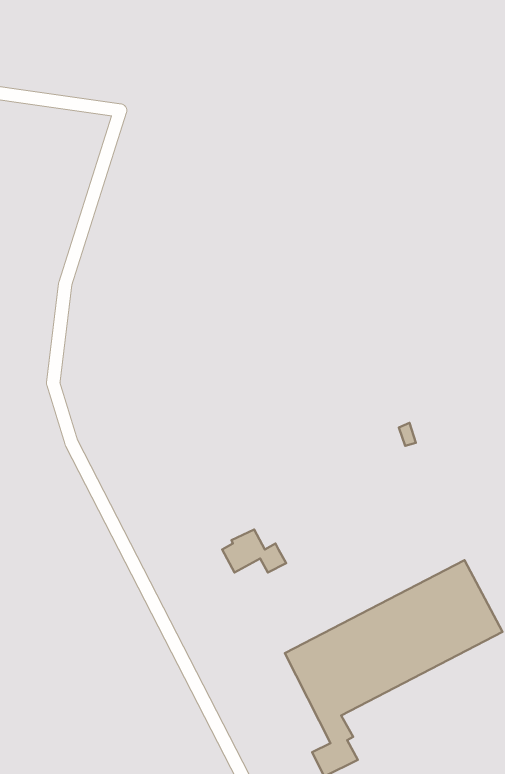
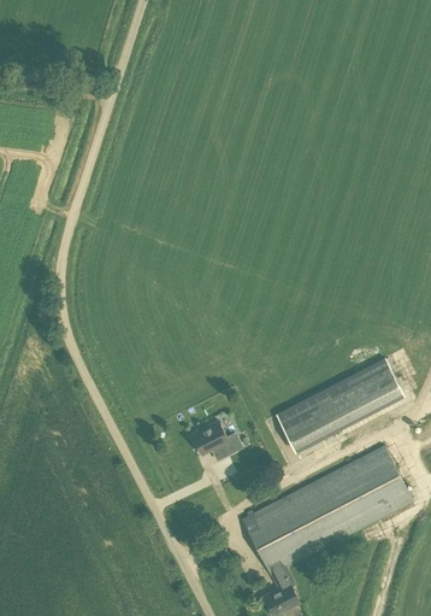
building: none -> [274,358,403,453]

